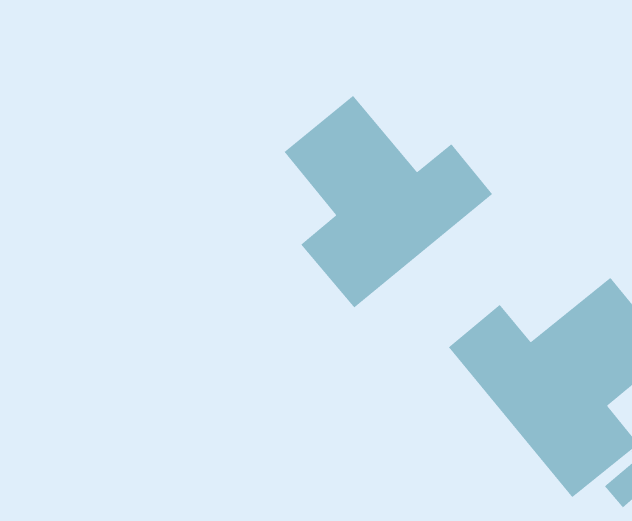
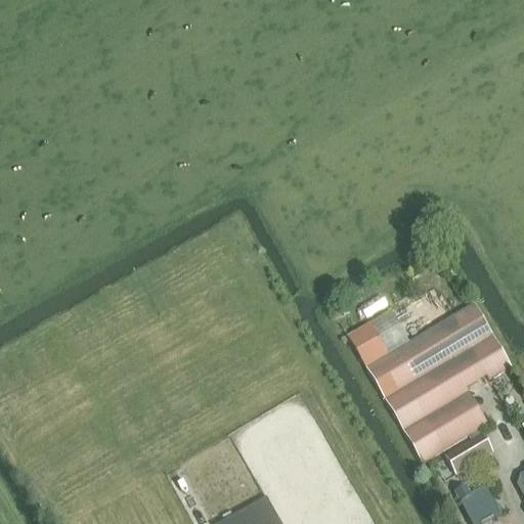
building: [284,95,493,309] -> none

